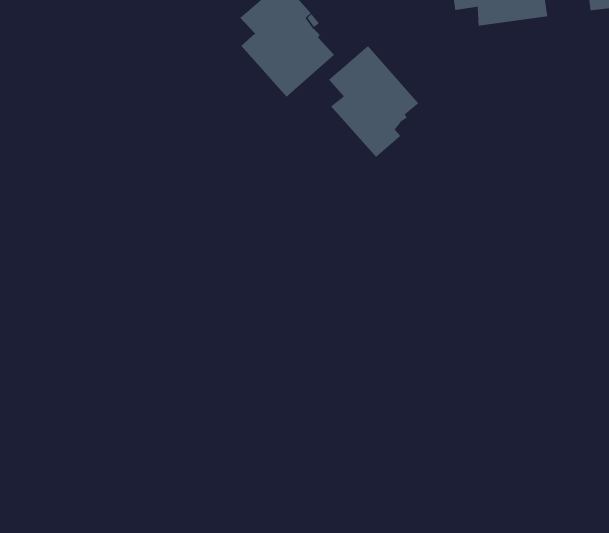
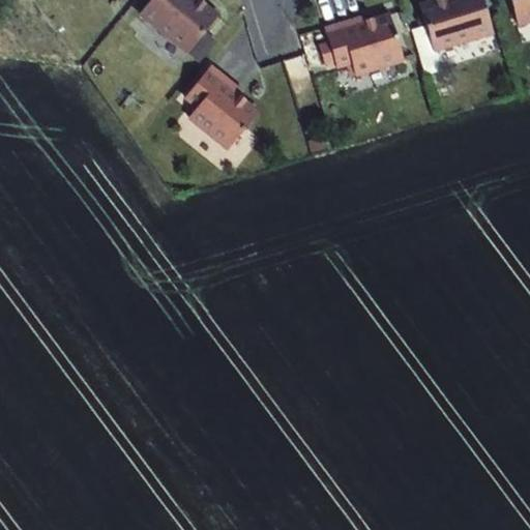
building: [328,45,419,158] -> none

